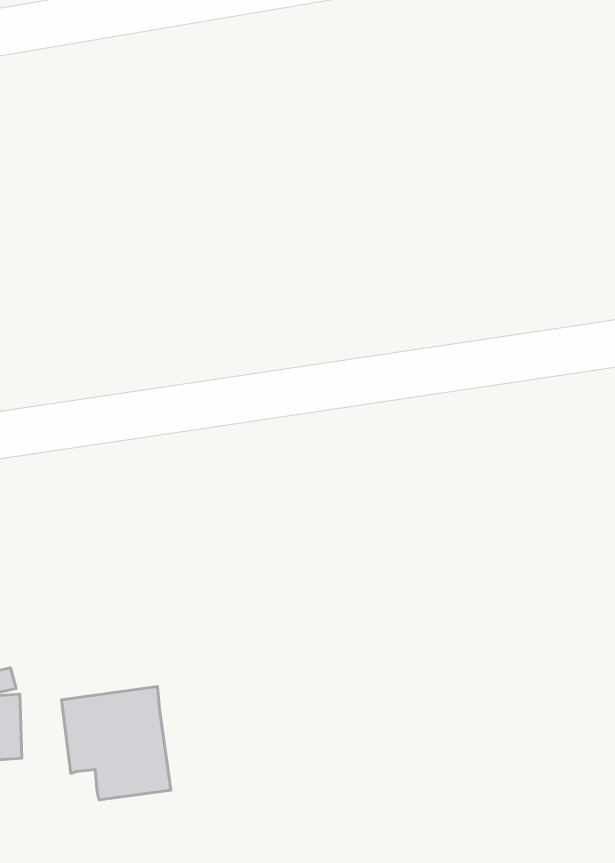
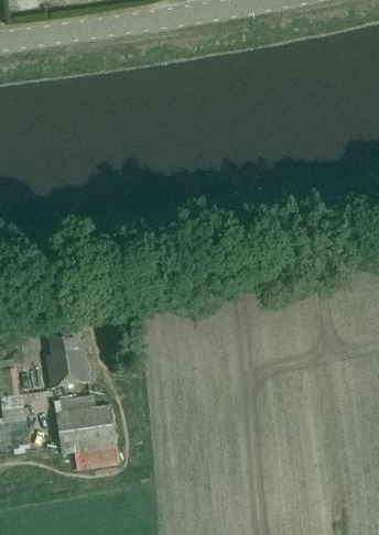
building: none -> [45,318,88,385]

